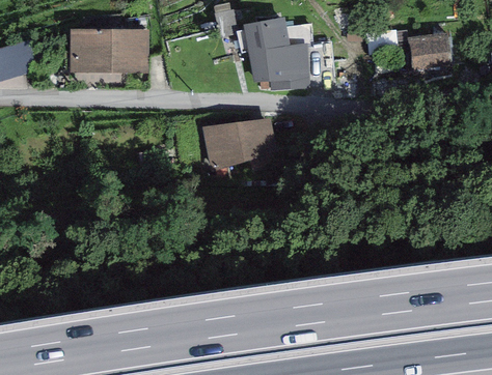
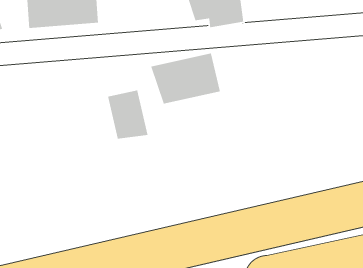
building: none -> [107,89,148,140]

